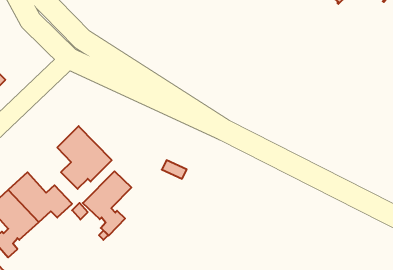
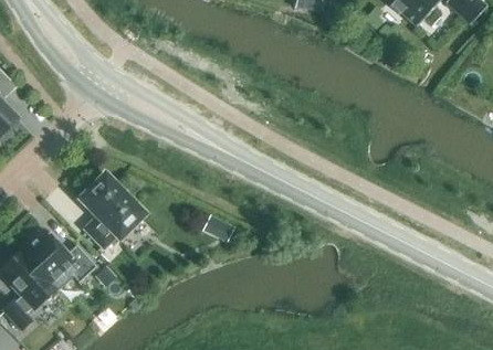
building: [83,171,131,236] -> none

